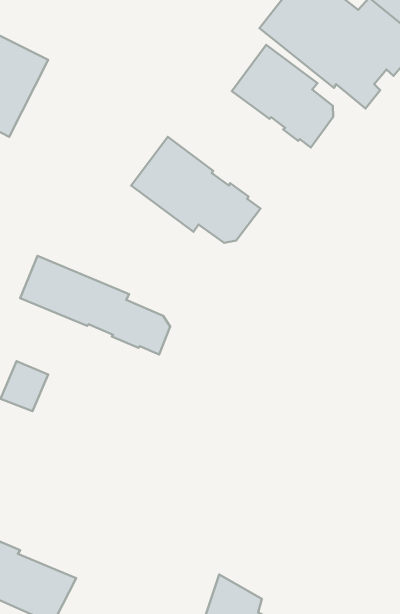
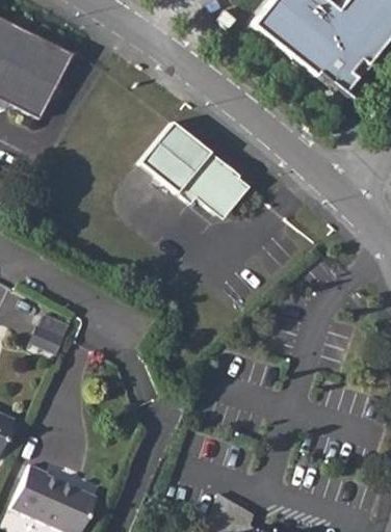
building: [232,45,333,147] -> none
building: [20,256,170,354] -> none

